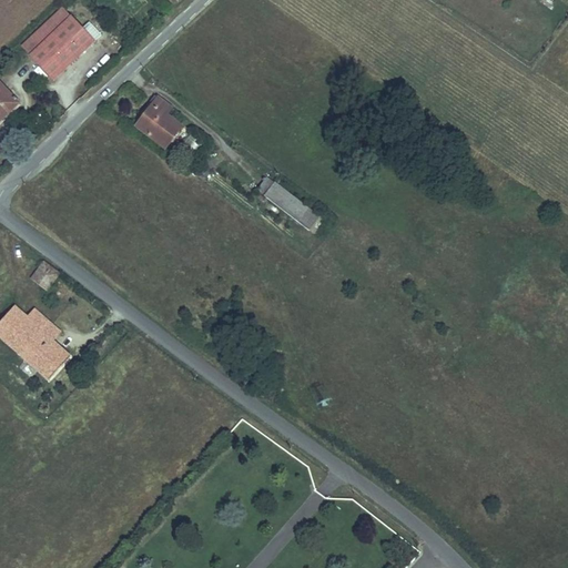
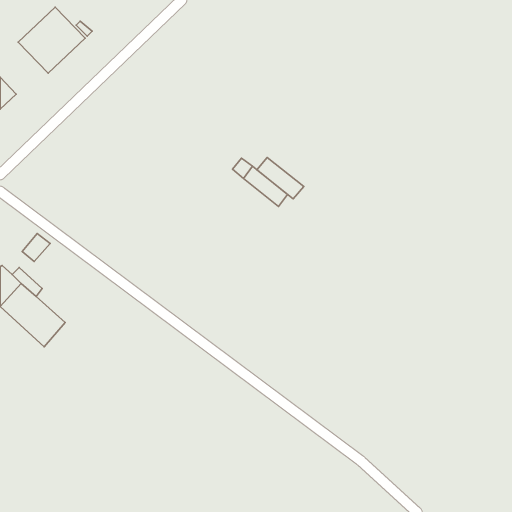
building: [138,97,180,143] -> none
building: none -> [257,157,304,199]

